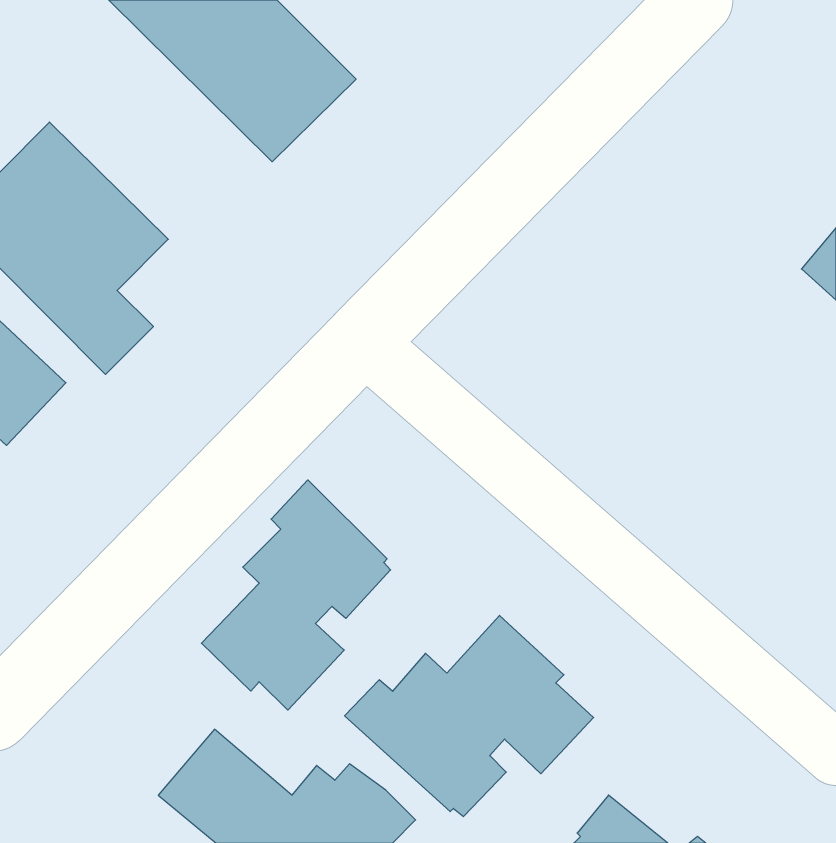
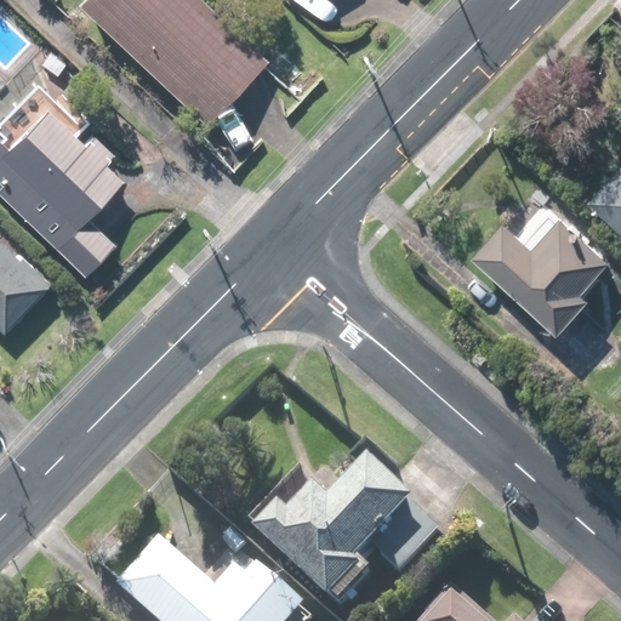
building: none -> [472,213,609,327]
building: [201,480,391,710] -> none

